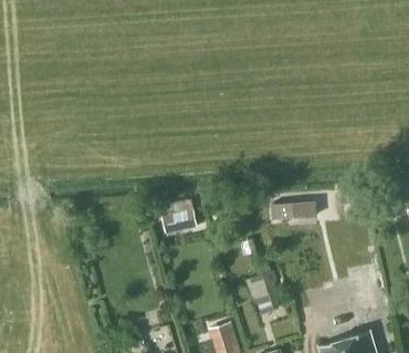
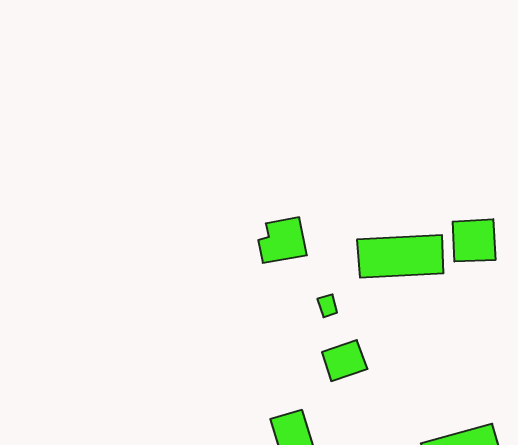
building: none -> [453,219,495,262]
building: [161,199,197,232] -> [258,217,307,263]

